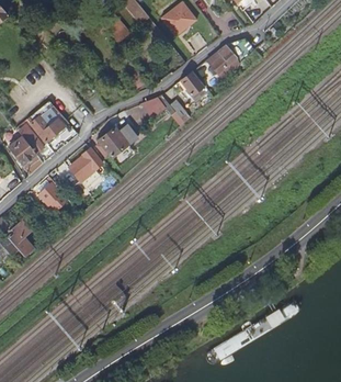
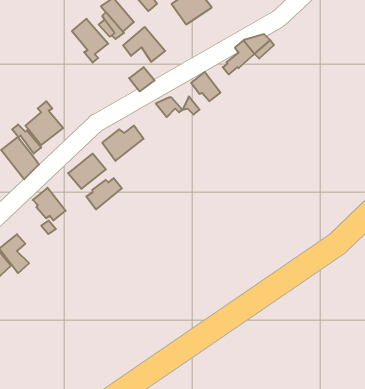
building: none -> [72,19,108,63]
building: none -> [123,27,165,62]
building: none -> [86,178,122,209]

